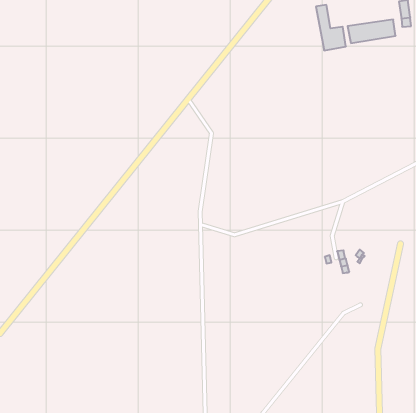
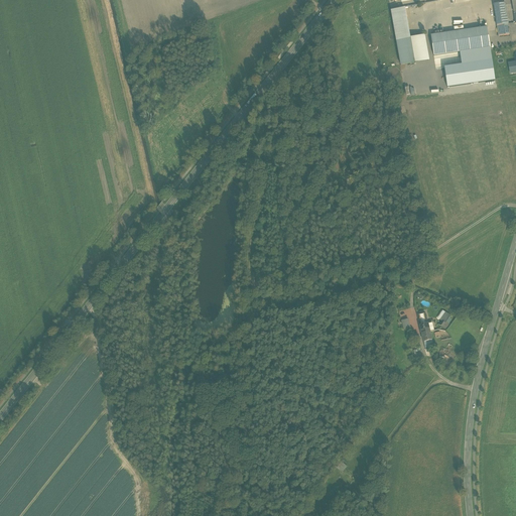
building: none -> [444,57,495,85]

